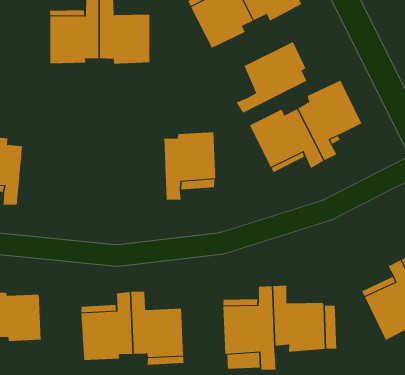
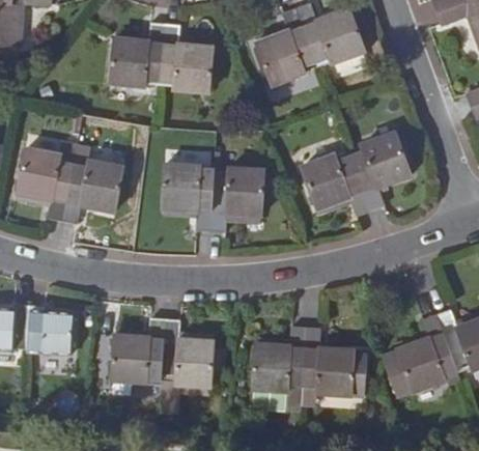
building: [236,41,307,113] -> none
building: none -> [161,164,214,231]
building: none -> [62,159,123,224]

